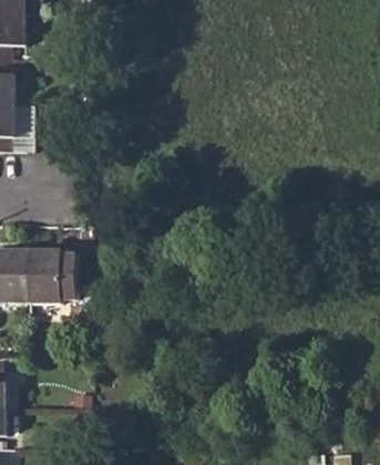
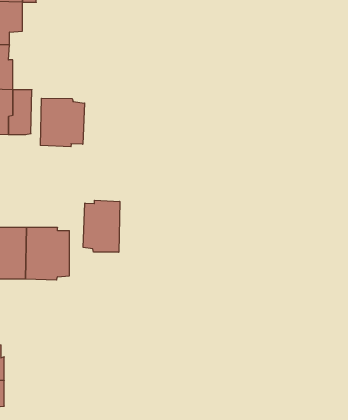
building: none -> [40,98,85,147]
building: none -> [83,200,120,252]

